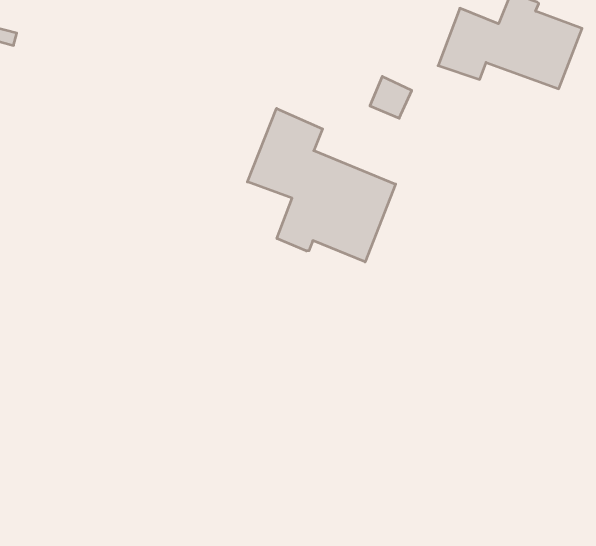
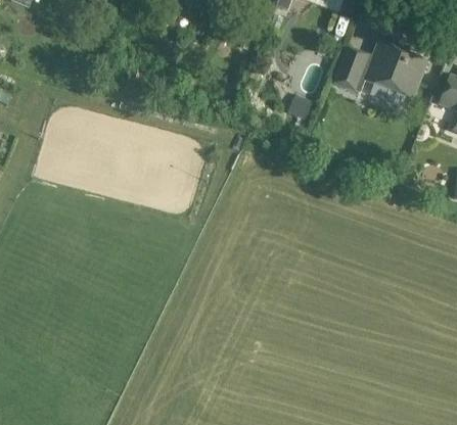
building: [247,108,396,262] -> none

